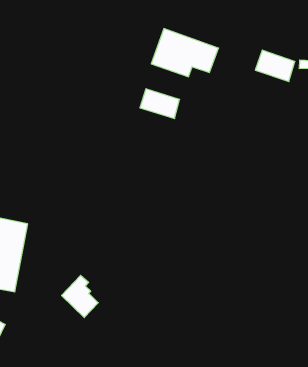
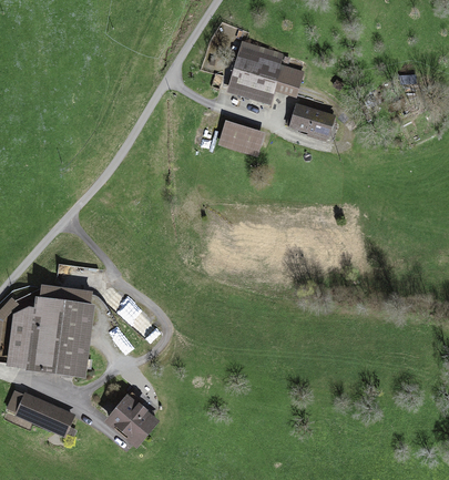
building: [255,50,295,82] -> [287,104,334,140]
building: [62,275,98,318] -> [112,390,156,440]

